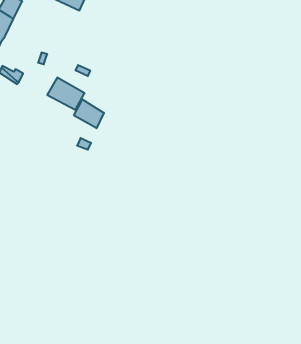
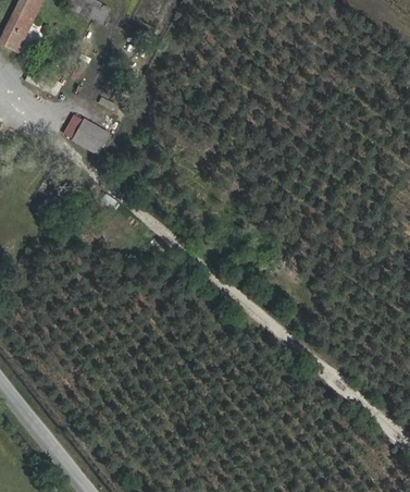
building: [74,99,104,128] -> none

